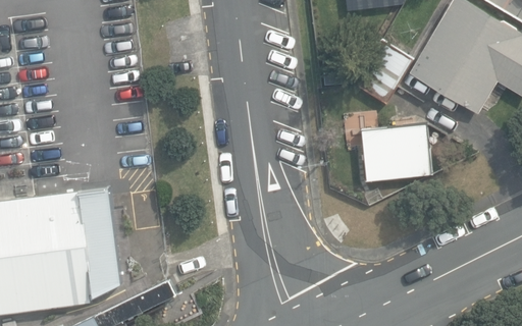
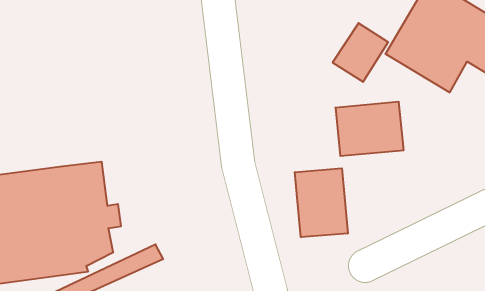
building: none -> [295,168,348,237]

